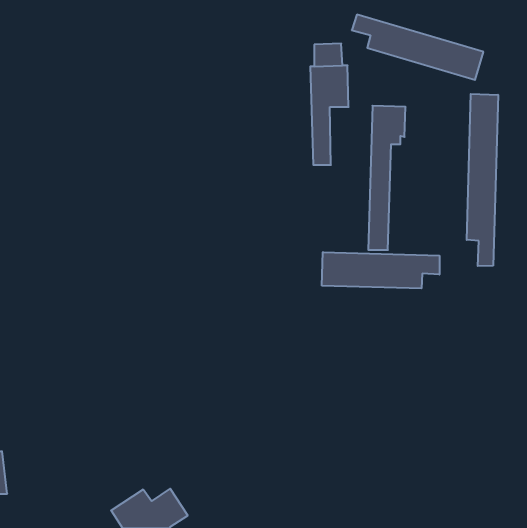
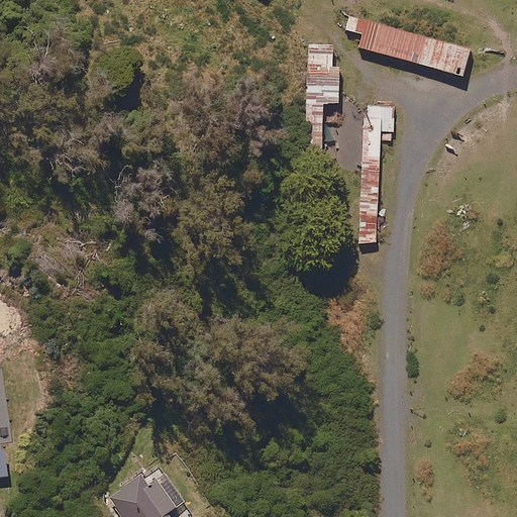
building: [467,94,498,266] -> none
building: [322,252,439,288] -> none

